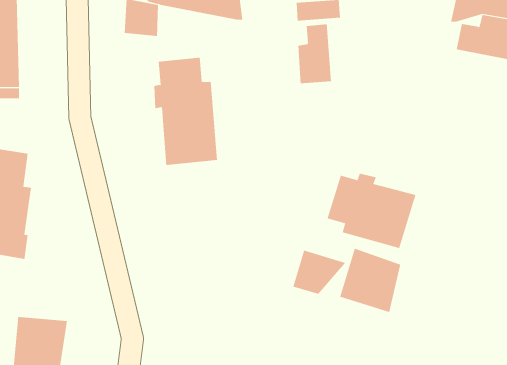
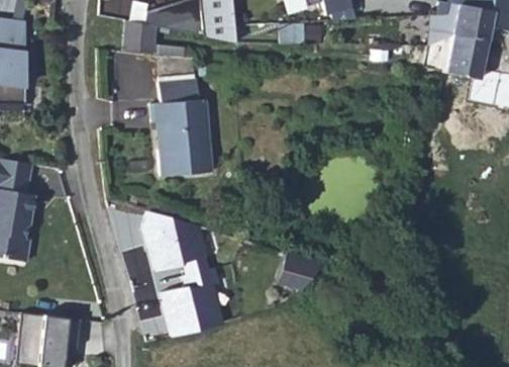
building: [298,23,332,84] -> none
building: [327,173,416,249] -> none
building: none -> [140,209,225,342]
building: [339,248,401,313] -> none

